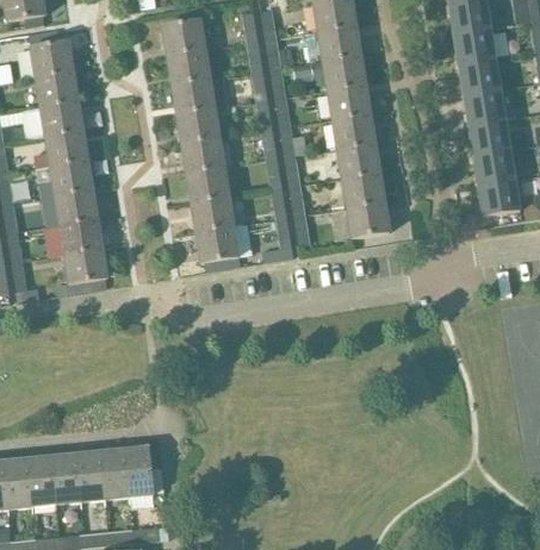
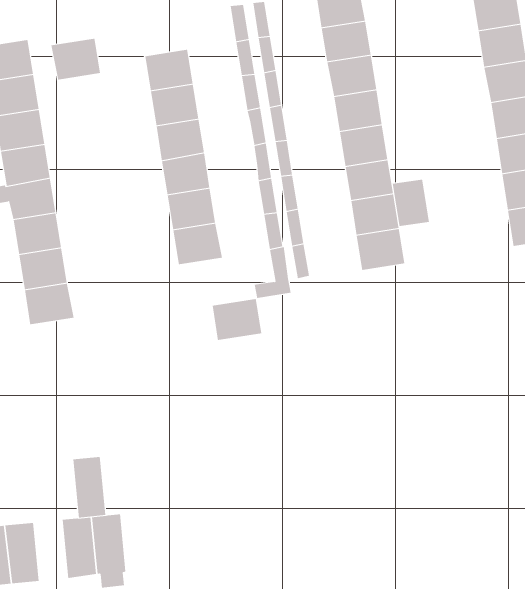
building: [162,19,205,55] -> [50,38,101,80]
building: none -> [392,179,429,227]
building: [197,226,240,262] -> [212,298,262,340]
building: [74,449,103,501] -> [73,456,106,518]

